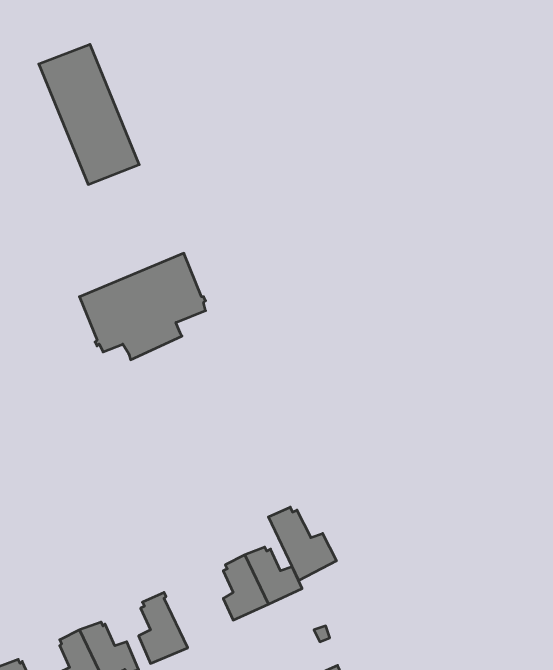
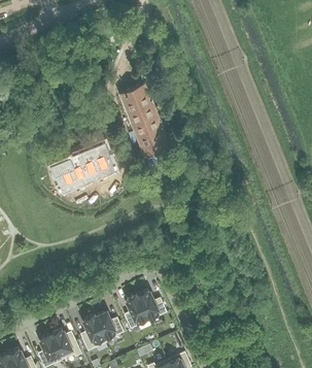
building: [39,44,139,184] -> [117,82,170,156]
building: [268,507,336,581] -> none
building: none -> [94,310,124,342]

